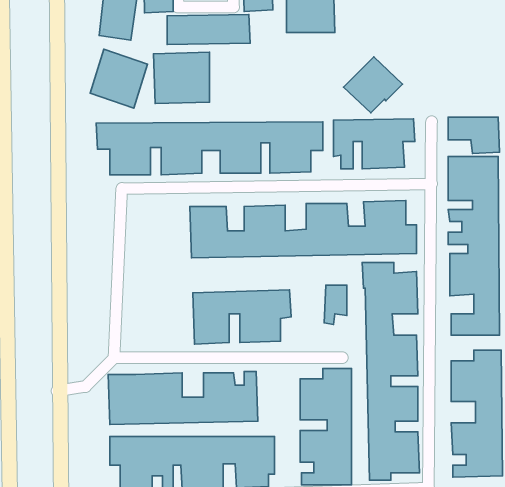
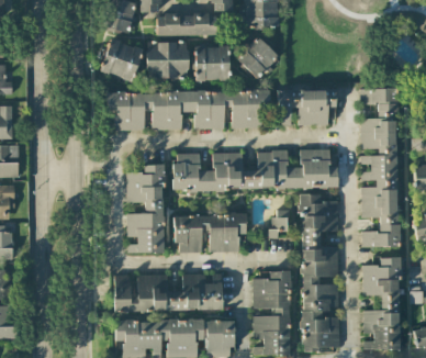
building: [344,57,402,113] -> [235,37,278,78]
building: none -> [193,46,228,81]
building: none -> [126,165,164,254]

